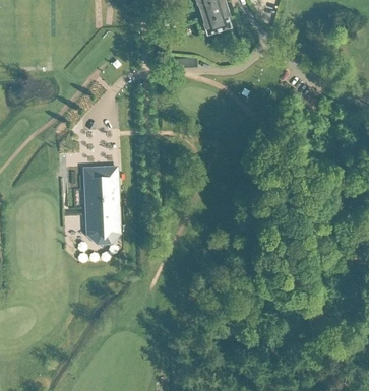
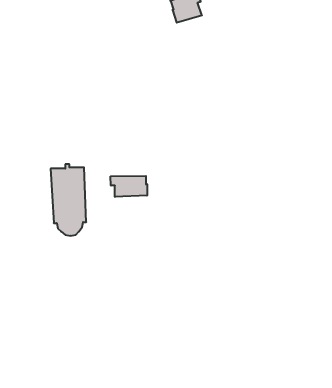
building: none -> [111,176,147,197]

